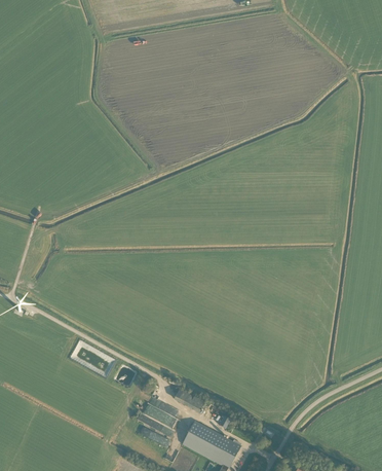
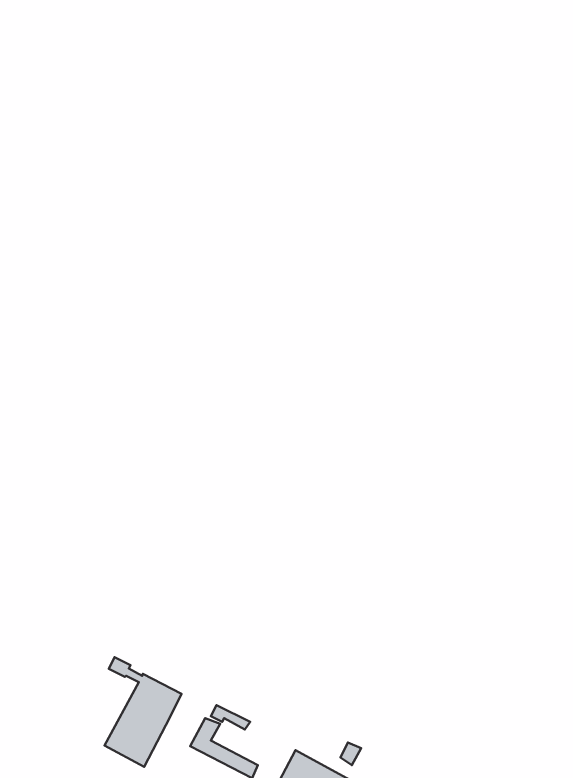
building: none -> [104,657,181,767]

